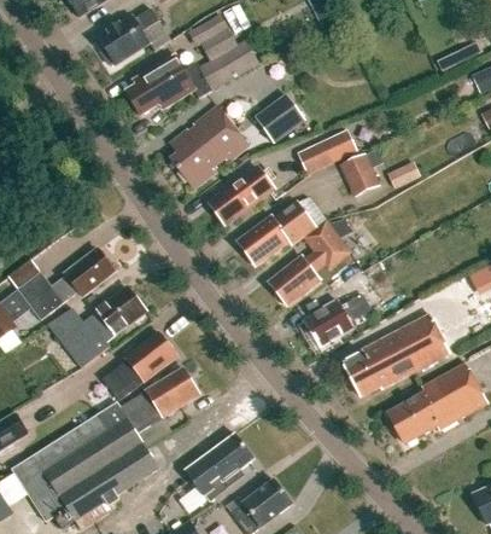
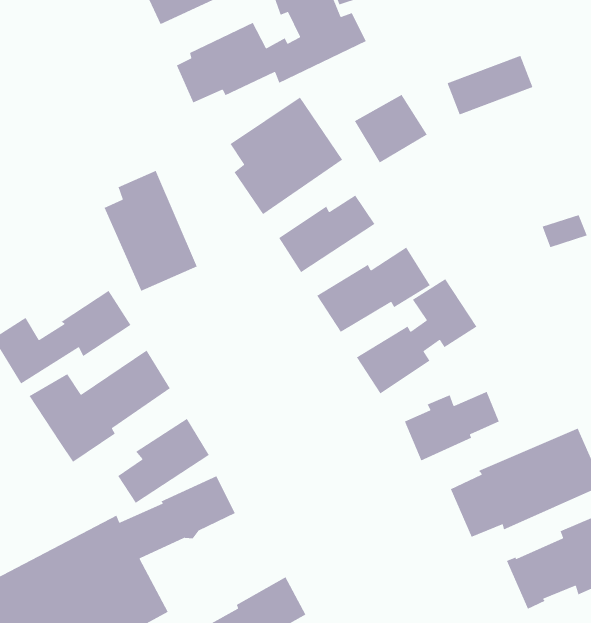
building: [297,129,357,175] -> [446,55,533,115]
building: [339,153,380,198] -> none
building: none -> [103,170,198,292]

